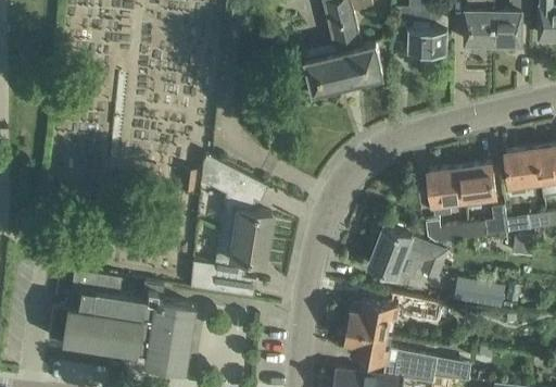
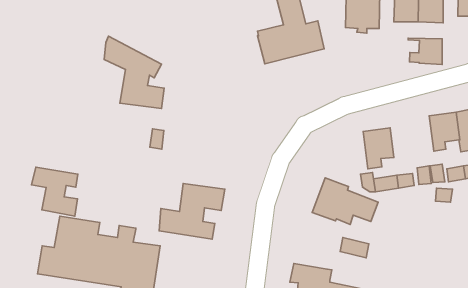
building: none -> [408,38,442,64]
building: [200,155,270,240] -> [104,36,164,109]
building: [460,164,496,203] -> none
building: none -> [31,167,78,216]
building: [454,278,505,308] -> none
building: [348,300,399,335] -> none

